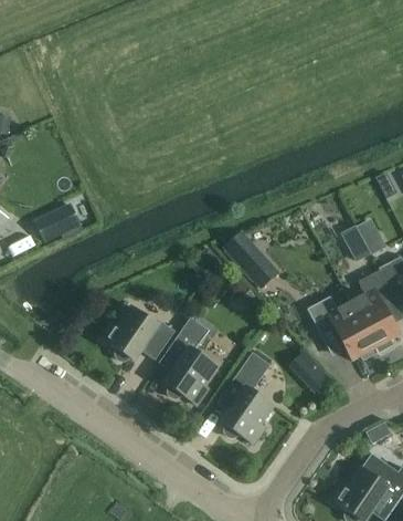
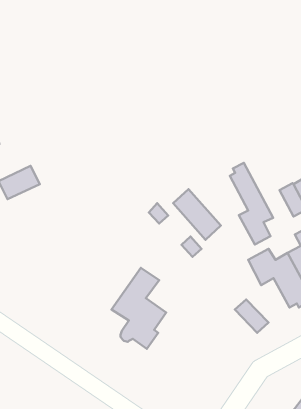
building: none -> [230,163,273,244]
building: [102,304,176,360] -> none
building: [218,351,275,444] -> none

